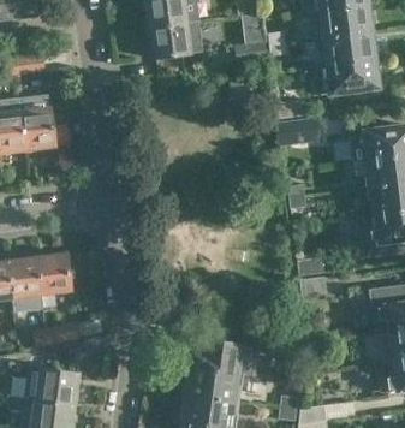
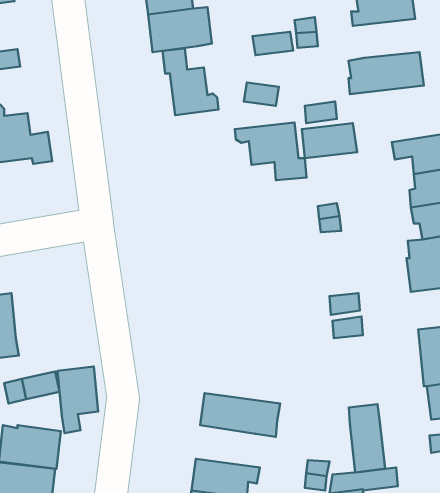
building: [317,30,373,63] -> none
building: none -> [162,49,219,115]
building: none -> [235,123,306,180]
building: [35,254,69,309] -> [57,366,98,433]
building: none -> [349,404,385,472]
building: [187,367,242,402] -> none

